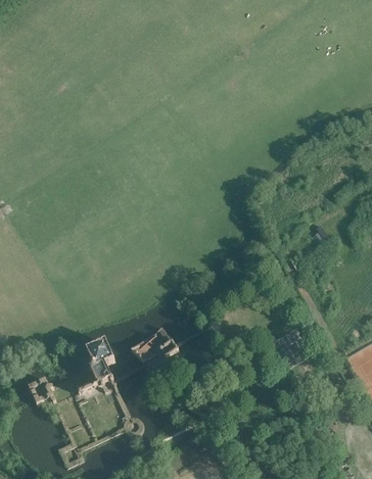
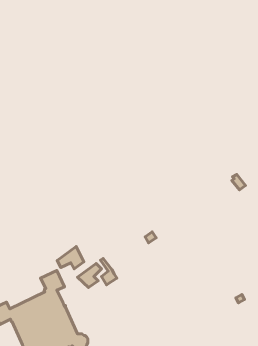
building: none -> [57,246,84,269]

